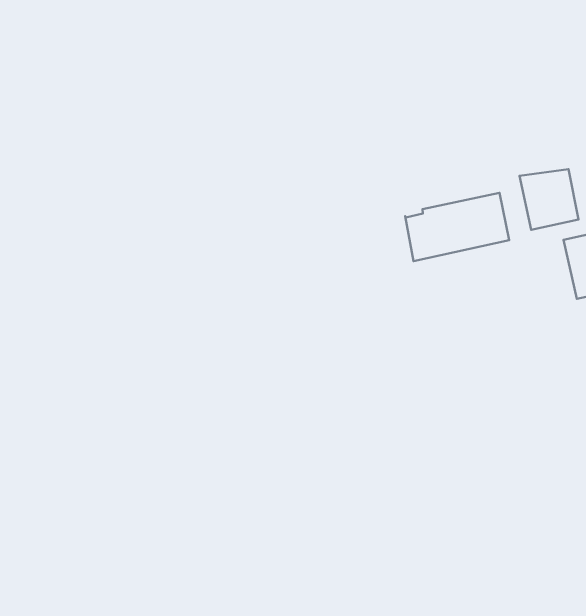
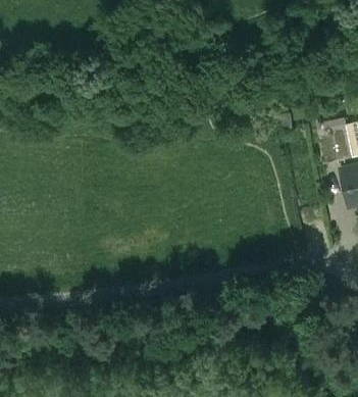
building: [405,193,509,261] -> none

